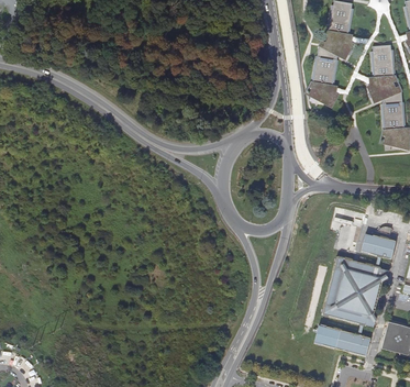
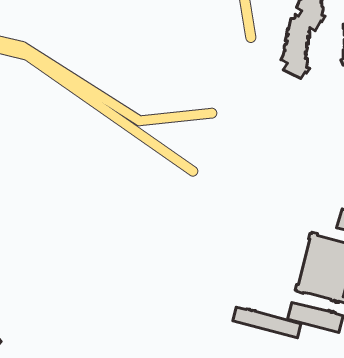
building: none -> [233,307,301,338]

